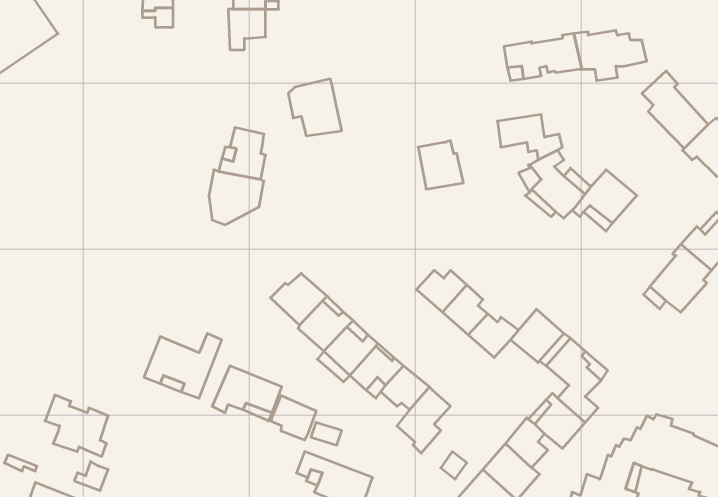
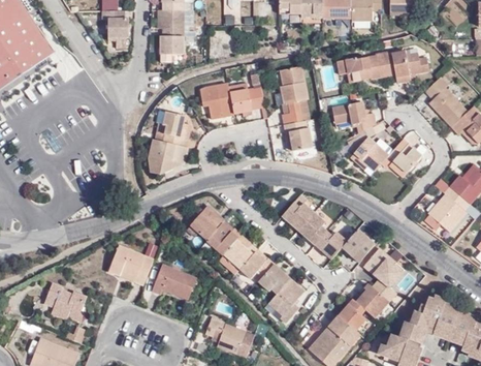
building: none -> [280,66,310,125]
building: none -> [228,73,264,115]
building: [271,396,316,440] -> none

